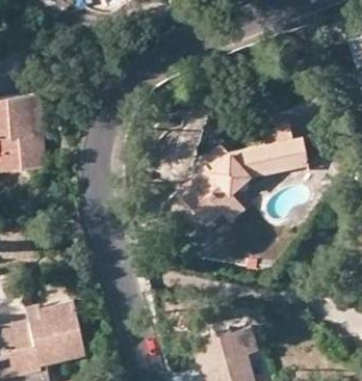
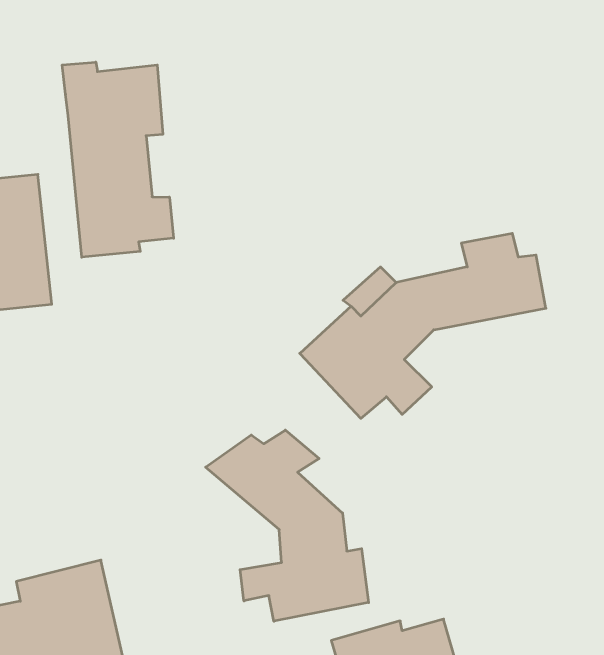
building: none -> [62,62,174,257]
building: none -> [206,430,369,621]

